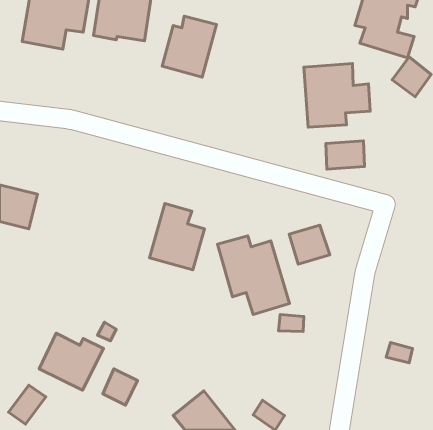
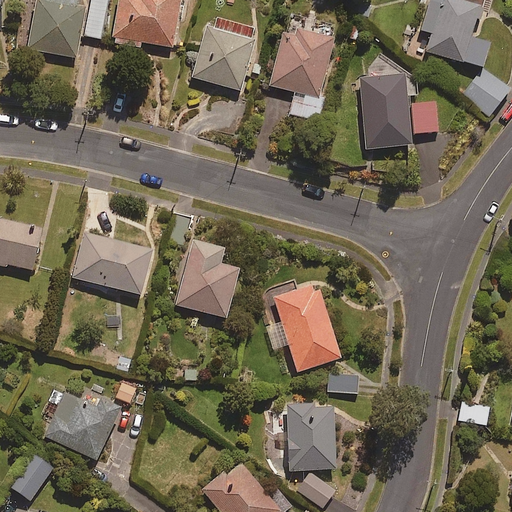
building: none -> [268,28,331,119]
building: [326,141,364,169] -> none
building: none -> [74,234,153,294]
building: [289,225,330,264] -> none
building: none -> [288,404,337,470]
building: [103,369,138,405] -> none

